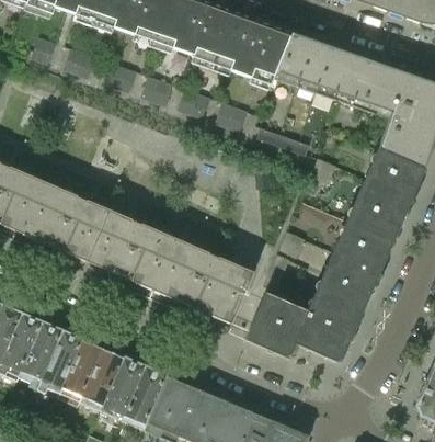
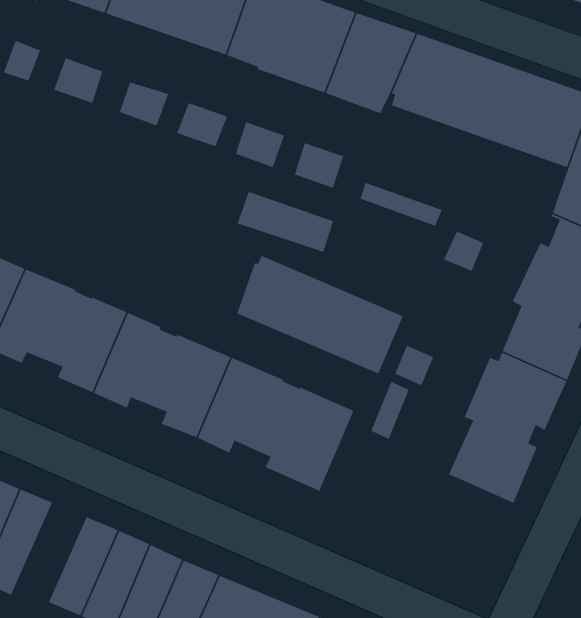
building: none -> [237,191,334,253]
building: none -> [236,255,404,375]
building: [244,292,354,361] -> none
building: [36,330,83,394] -> none

